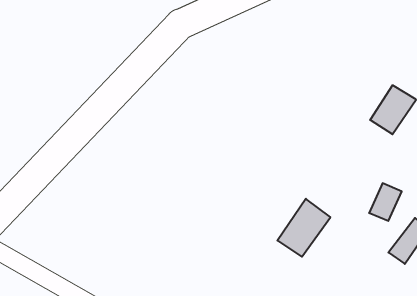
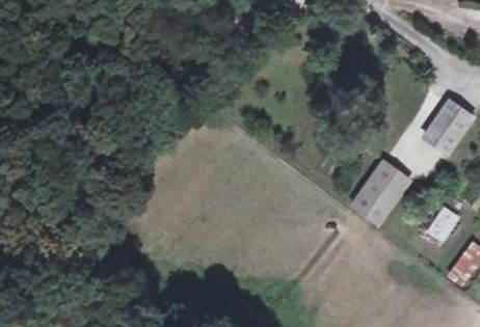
building: [277,199,330,257] -> [356,164,410,223]

